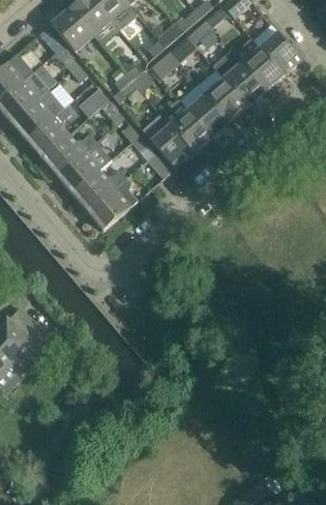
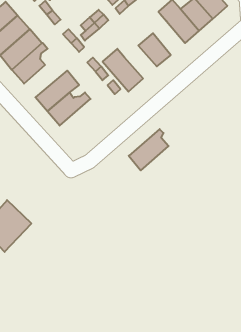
building: [205,78,246,121] -> none
building: [169,109,210,151] -> none
building: [40,132,95,175] -> none
building: [86,177,137,230] -> [129,129,169,170]

